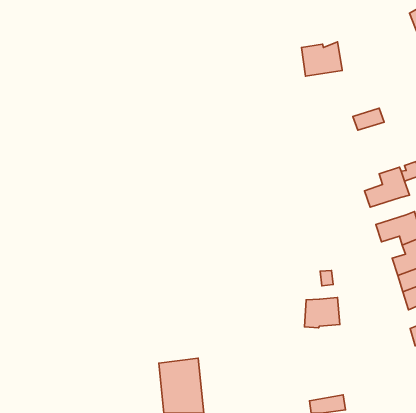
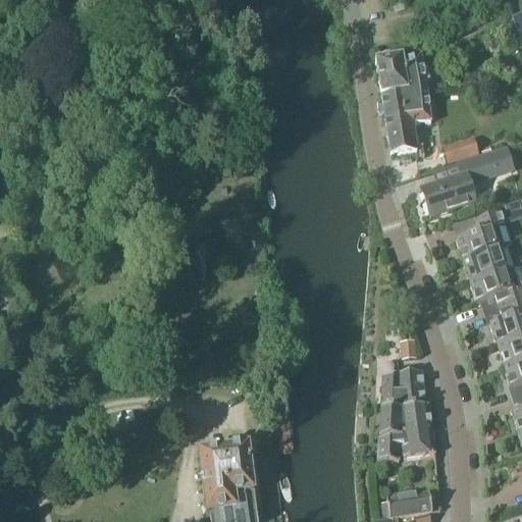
building: none -> [383,88,432,154]
building: none -> [468,147,512,175]
building: none -> [423,172,476,214]
building: none -> [464,246,509,279]
building: none -> [380,403,436,460]

